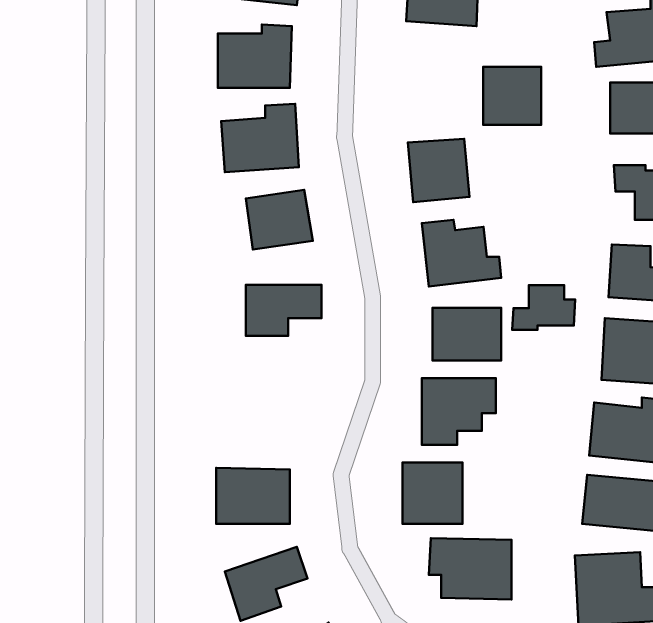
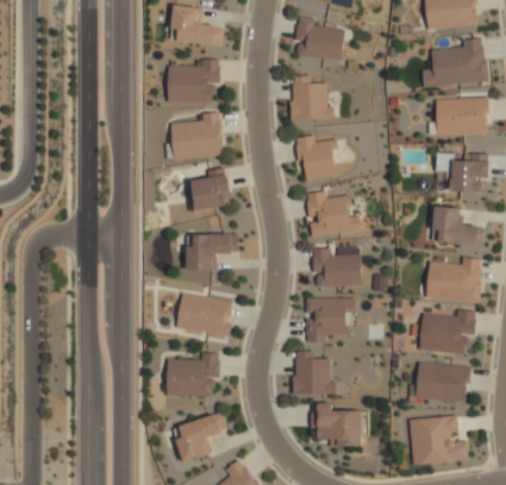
building: [483,67,541,125] -> [291,80,330,119]
building: [512,285,575,330] -> none
building: none -> [176,292,235,336]

